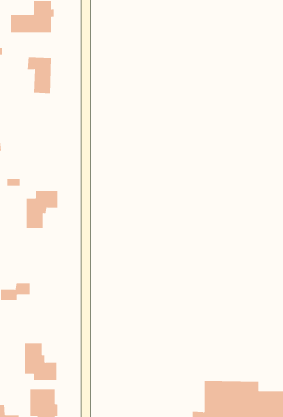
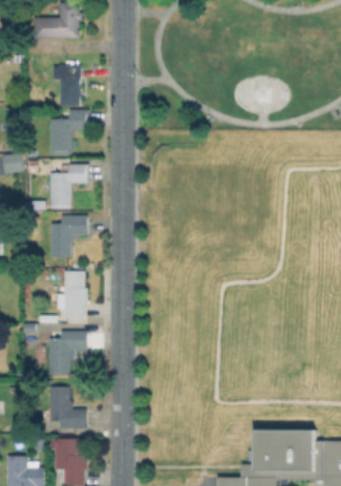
building: none -> [50,110,89,154]
building: none -> [50,164,88,208]
building: none -> [57,270,87,318]
building: none -> [49,331,86,375]

